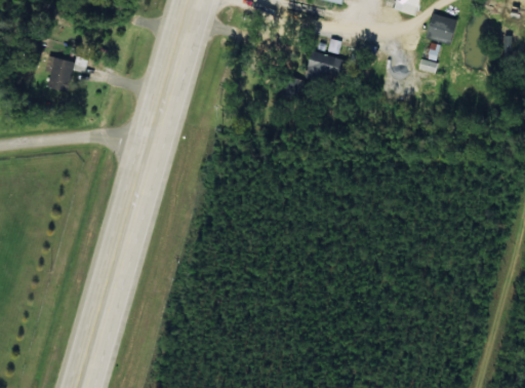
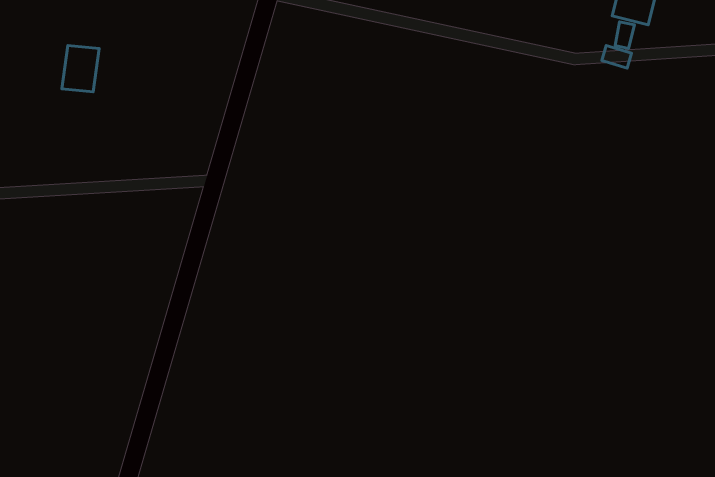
building: [308,50,336,82] -> none

